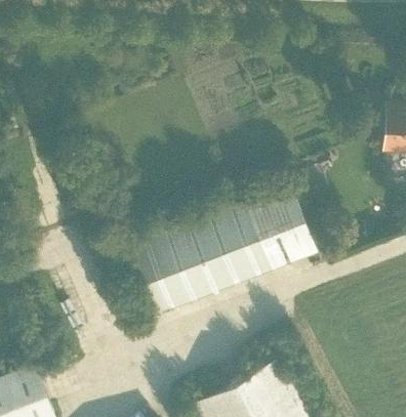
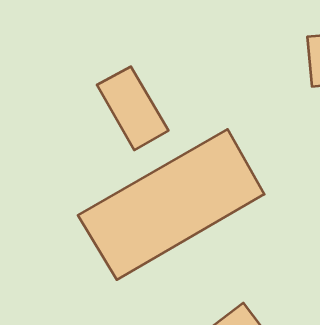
building: none -> [97,67,168,150]

